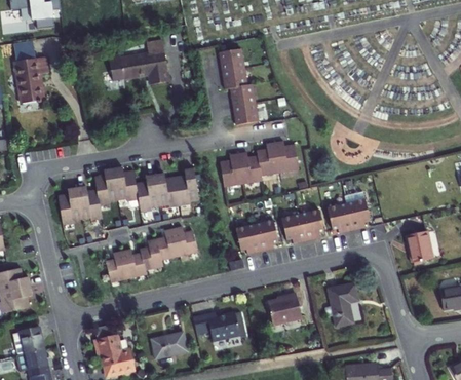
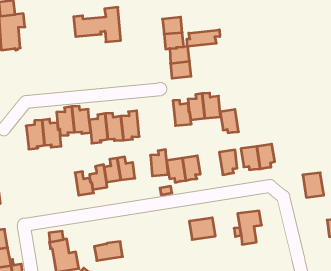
building: none -> [187,30,220,46]
building: [220,153,243,187] -> [150,150,168,176]
building: [281,214,306,243] -> [220,109,239,133]
building: [106,251,128,282] -> none
building: [193,312,240,341] -> none

